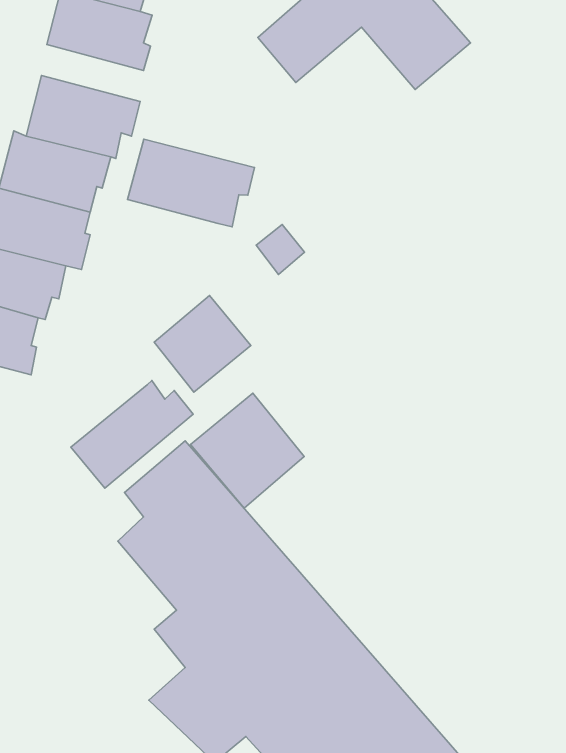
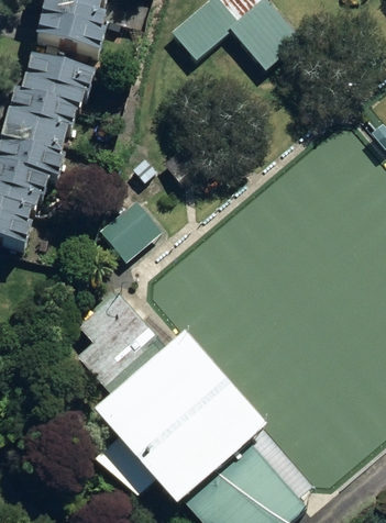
building: [128,139,254,227] -> none
building: [71,381,193,488] -> none
building: [191,393,304,508] -> none

